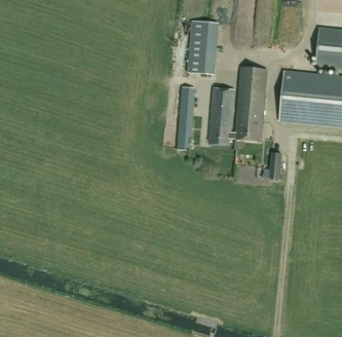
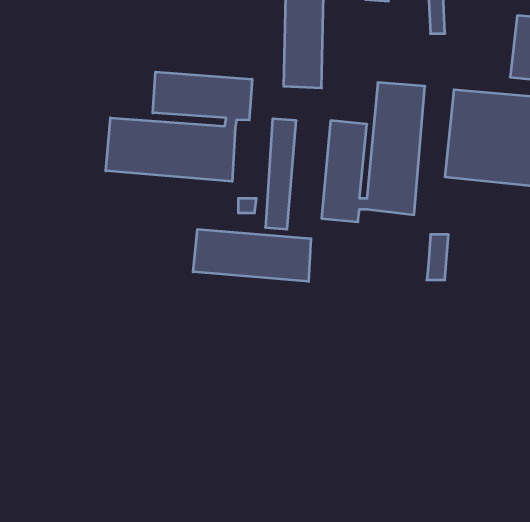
building: none -> [106,72,252,181]
building: none -> [193,229,311,282]

